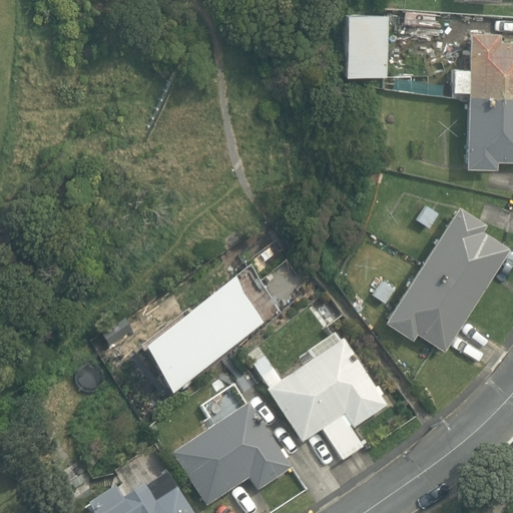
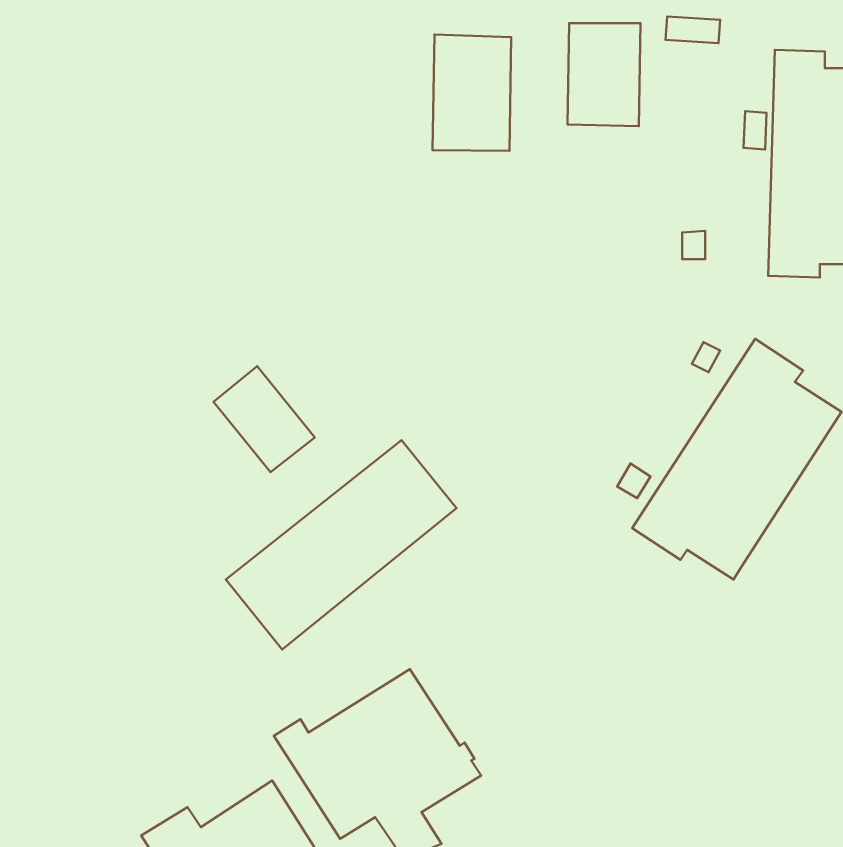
building: none -> [433,35,511,151]
building: none -> [213,366,315,472]
building: [250,336,388,464] -> none

